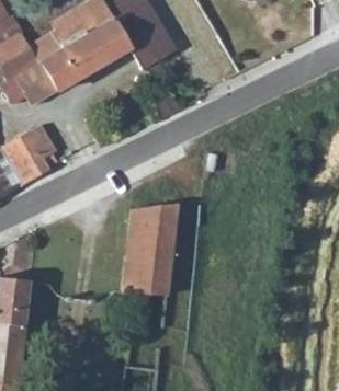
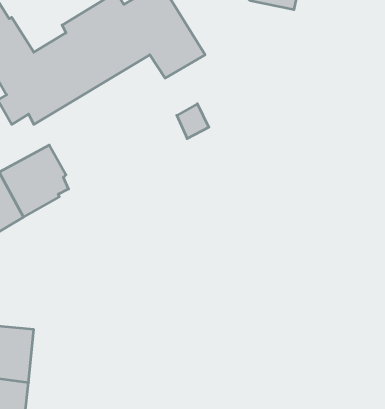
building: [124,203,179,298] -> none

